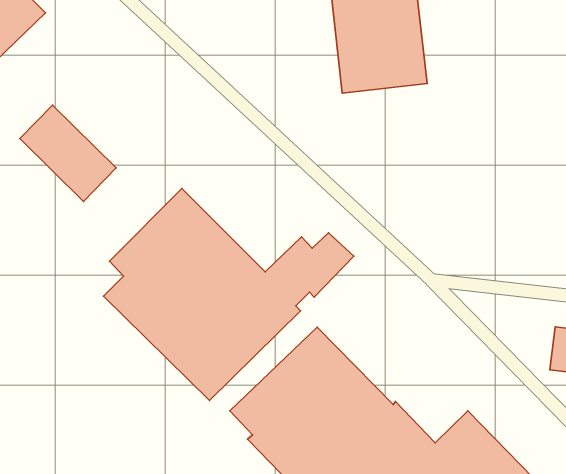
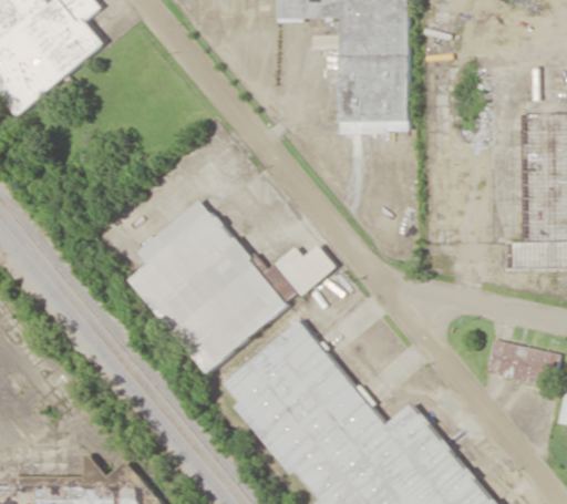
building: [20,105,116,201] -> none

